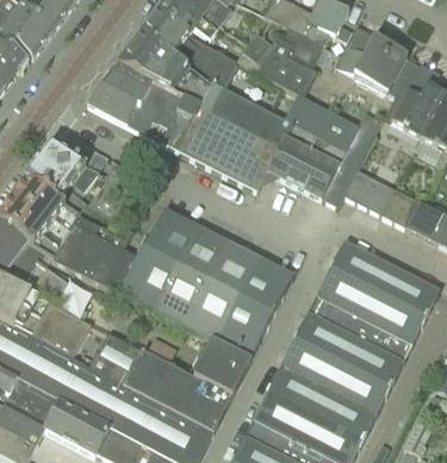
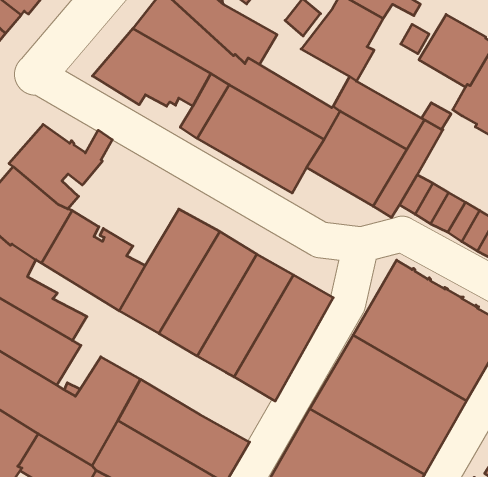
building: [190,339,250,395] -> none

